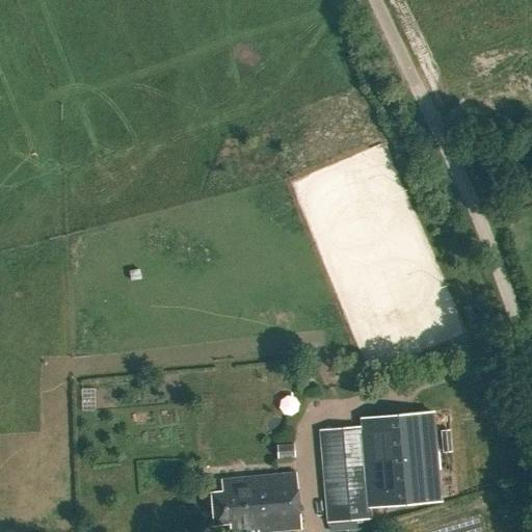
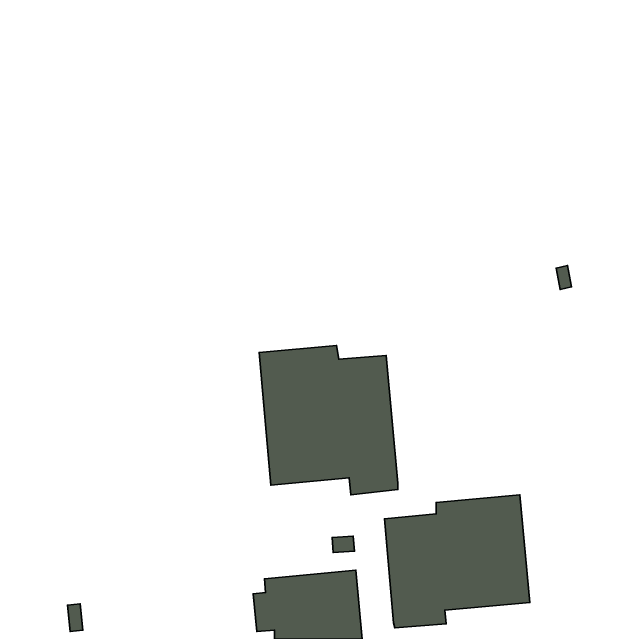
building: none -> [259,346,398,495]

